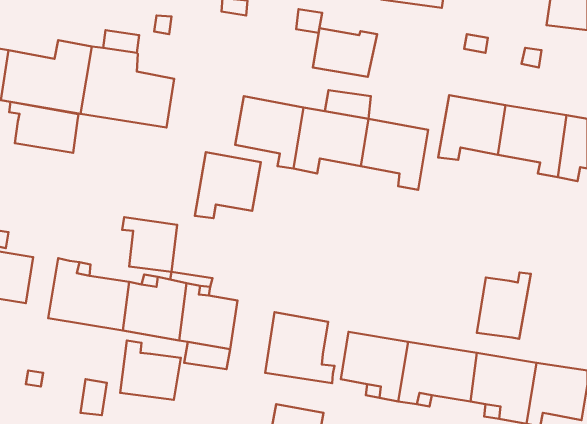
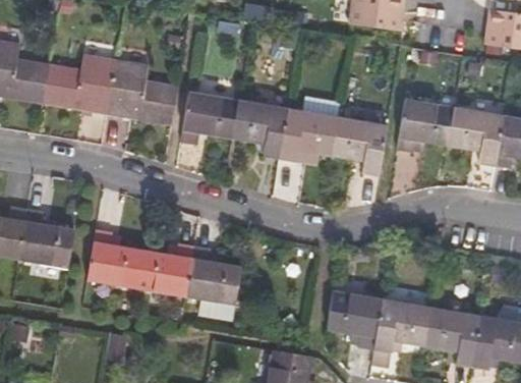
building: [313,28,377,77] -> none
building: [9,102,79,153] -> none
building: [195,152,261,218] -> [185,92,239,146]
building: [122,217,177,272] -> none
building: [477,273,531,339] -> none
building: [265,312,334,383] -> none
building: [120,340,181,400] -> none

